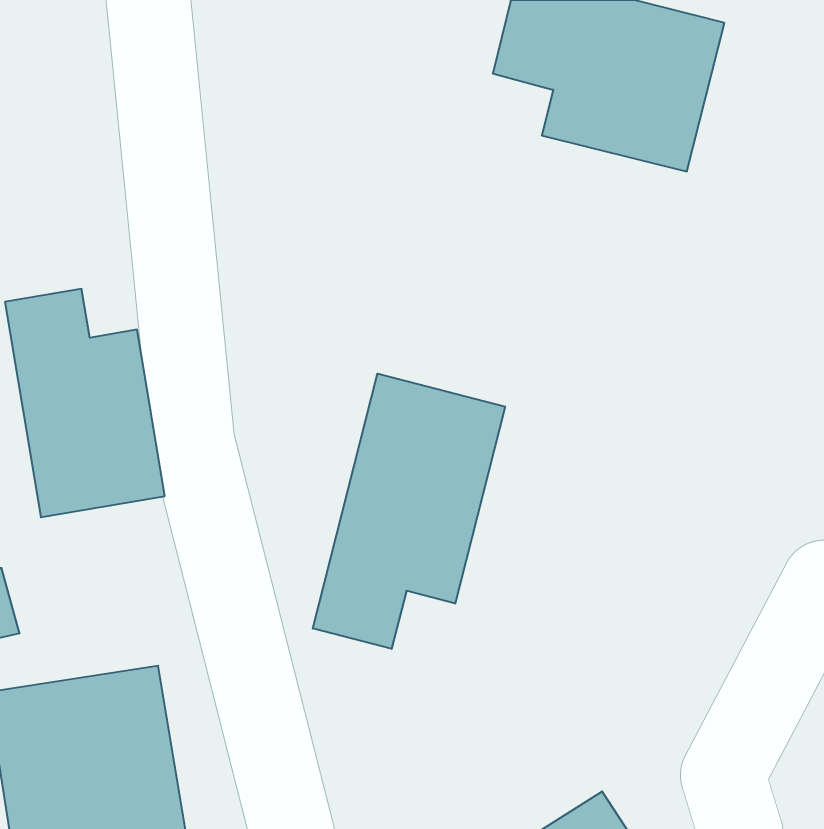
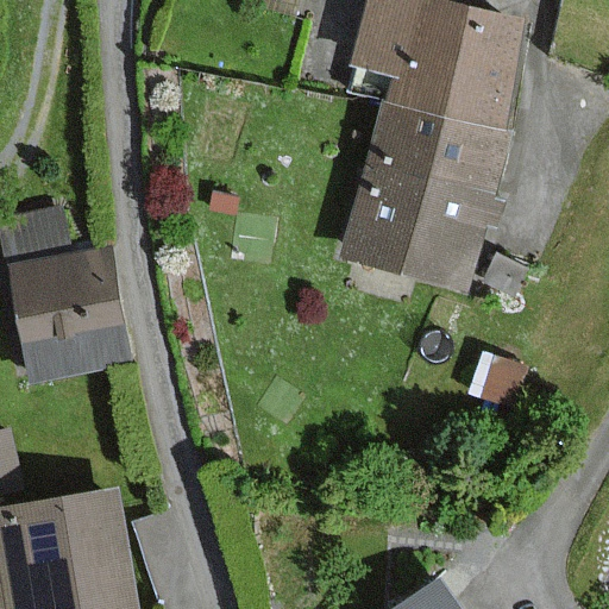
building: none -> [345,99,509,285]
building: [313,374,505,649] -> none

